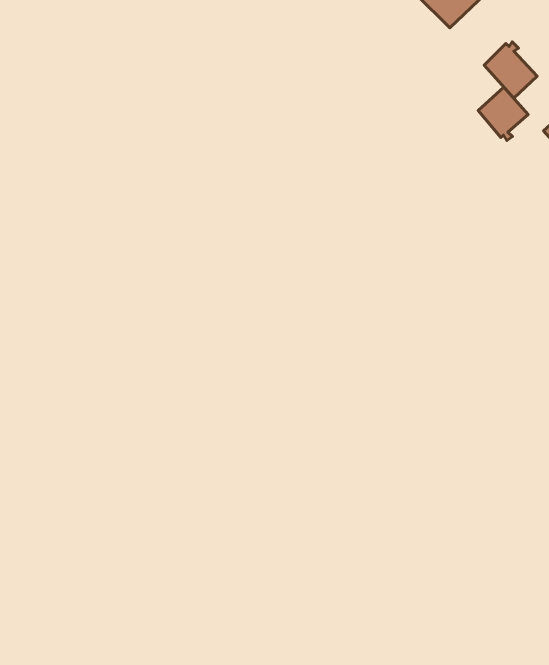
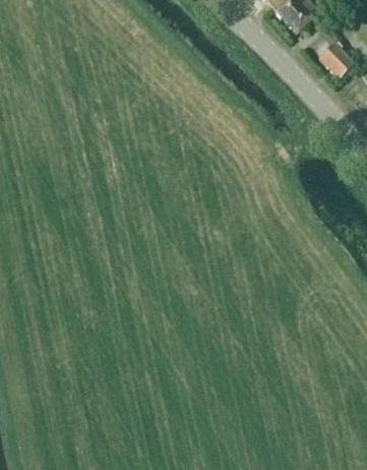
building: [478,87,528,141] -> none

